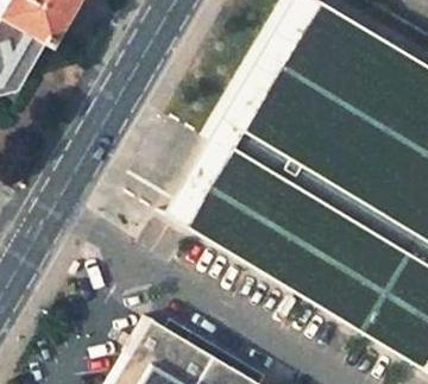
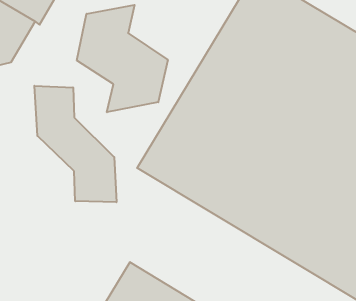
building: none -> [77,5,168,112]
building: none -> [34,86,116,202]

